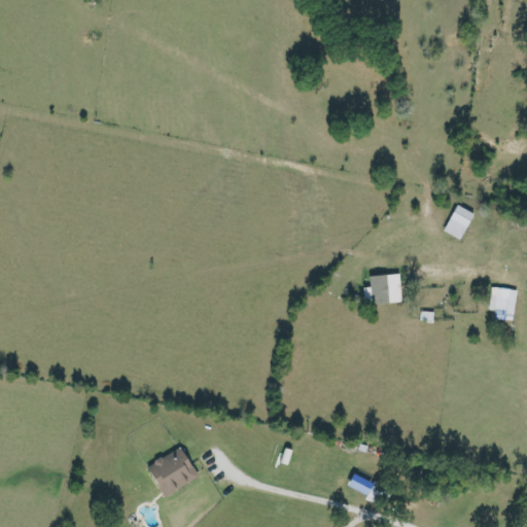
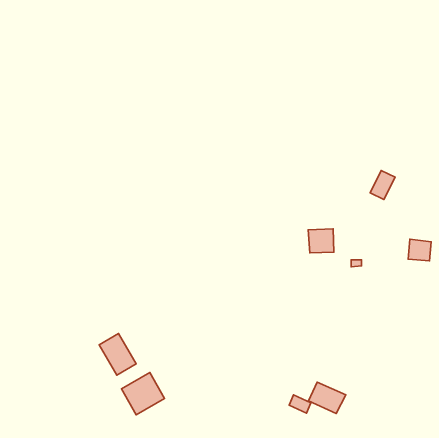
building: none -> [99,333,136,375]
building: none -> [309,382,346,413]

